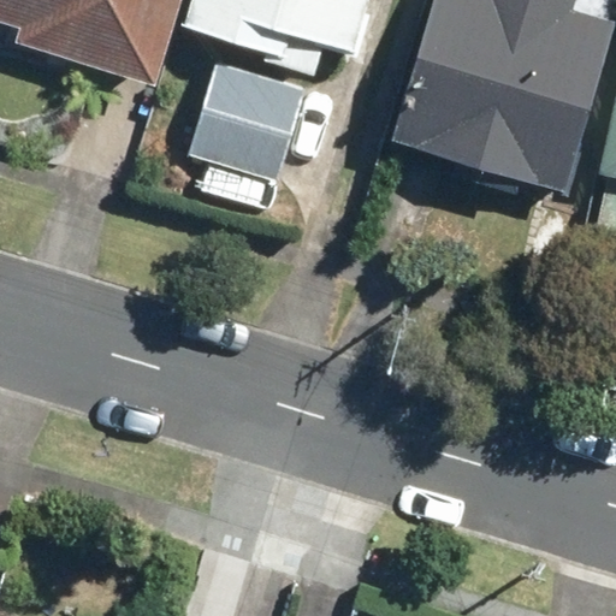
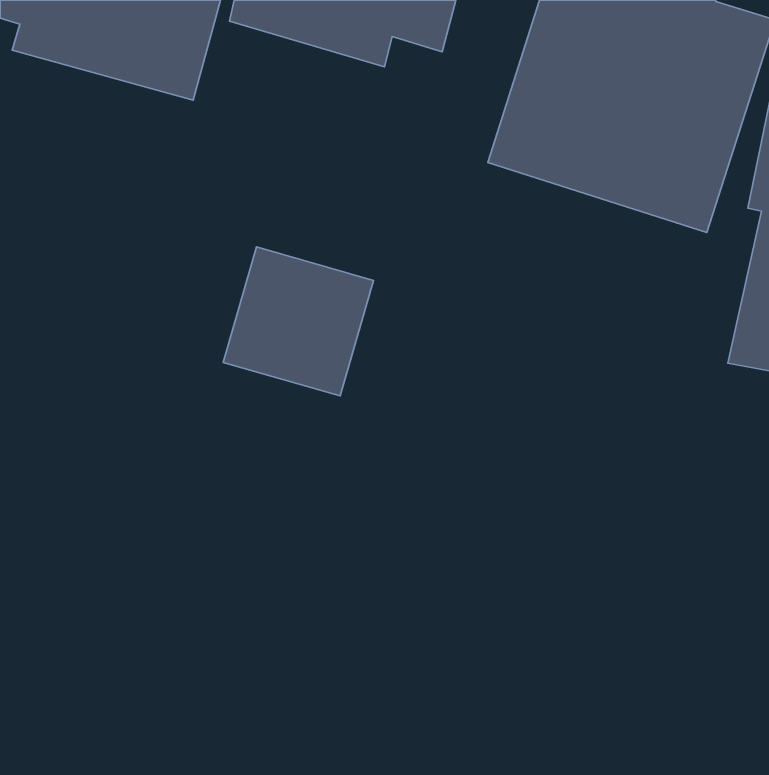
building: [190,60,309,178] -> [223,247,374,396]

